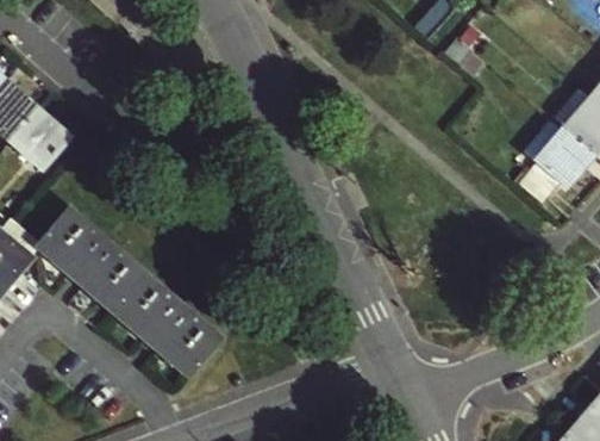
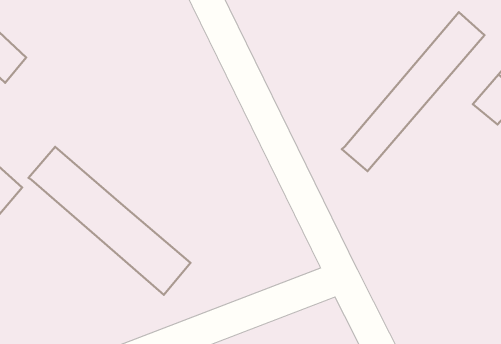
building: none -> [342,12,484,171]
building: [12,108,68,166] -> none

